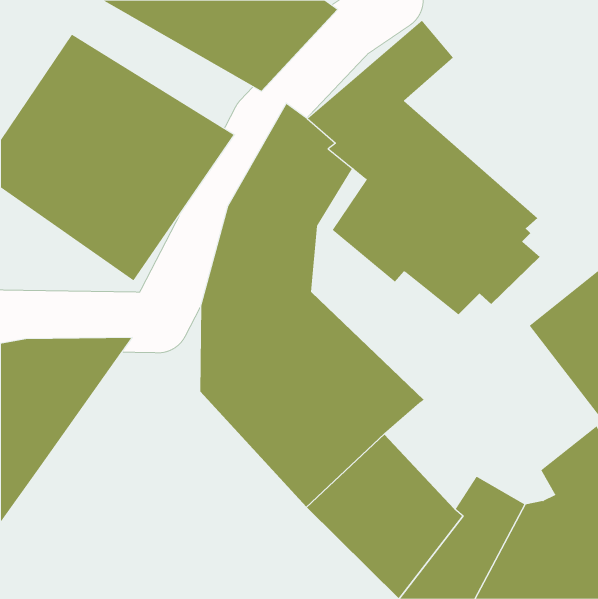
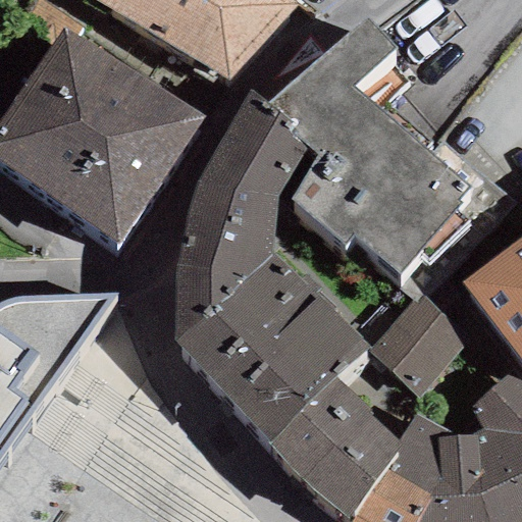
building: none -> [366,296,472,399]

